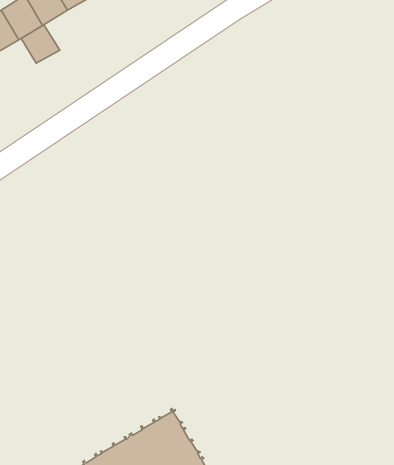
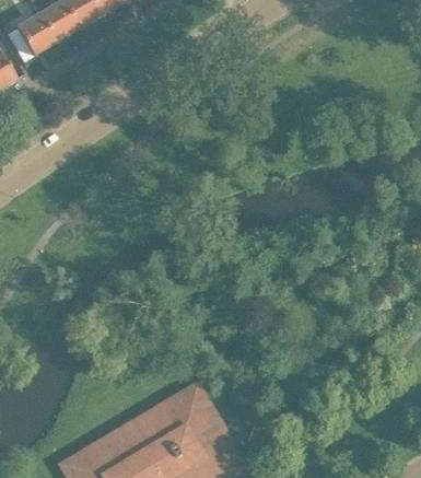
building: [21,25,60,63] -> none

